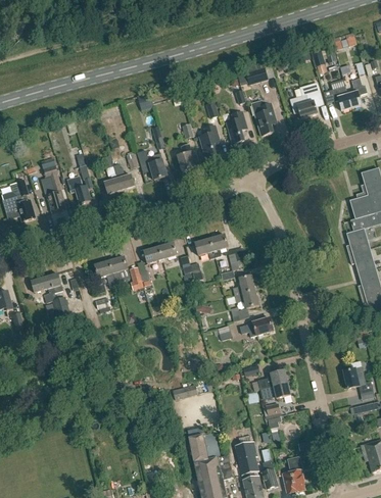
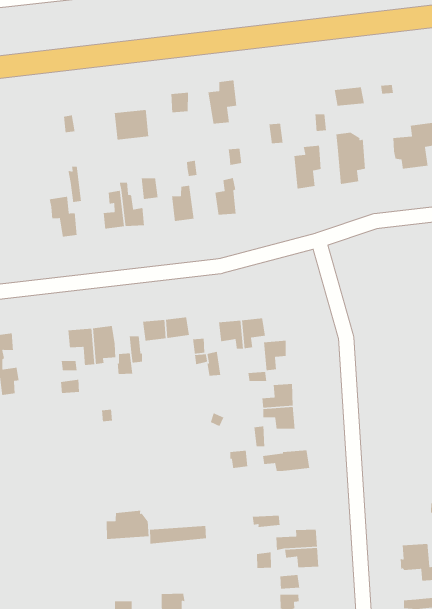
building: [199,124,221,157] -> [208,80,237,125]
building: [44,164,65,211] -> none
building: none -> [106,510,149,540]

